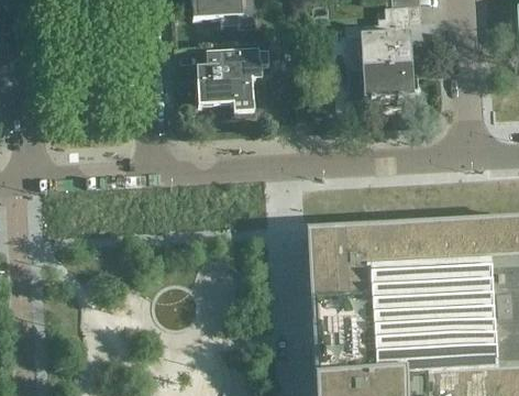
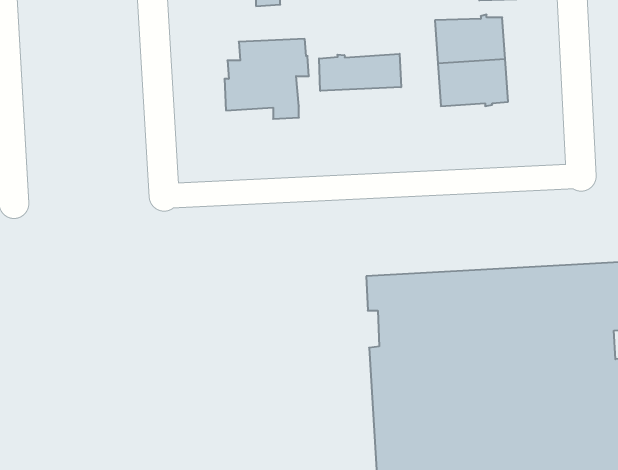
building: none -> [319,54,401,91]

